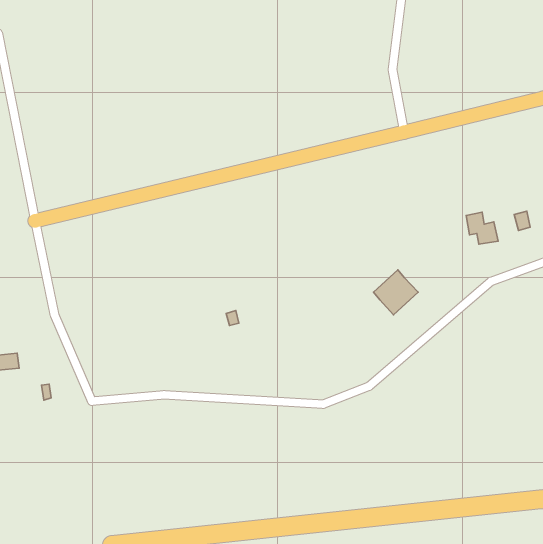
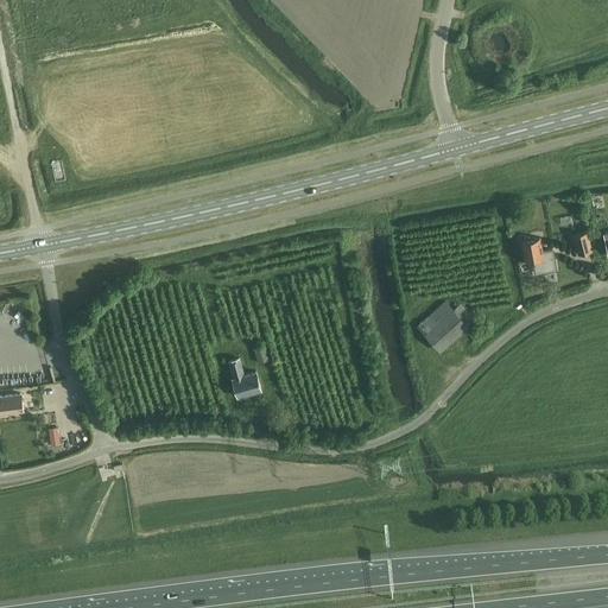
building: none -> [227,359,259,397]

